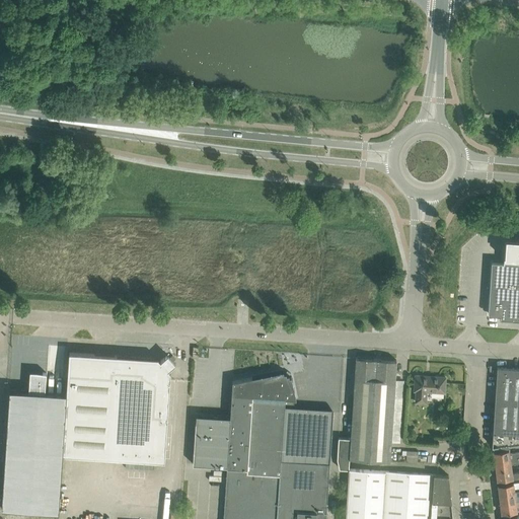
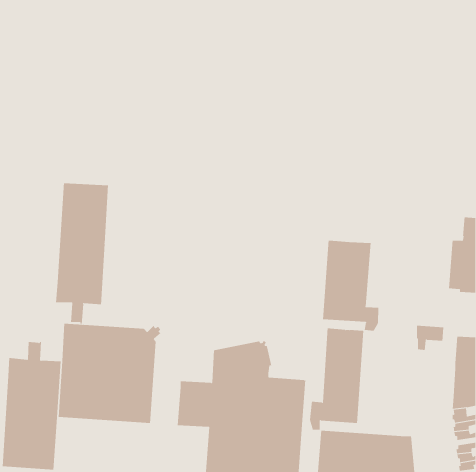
building: none -> [56,182,108,324]
building: none -> [323,240,379,332]
building: [415,379,445,406] -> [416,325,444,350]

